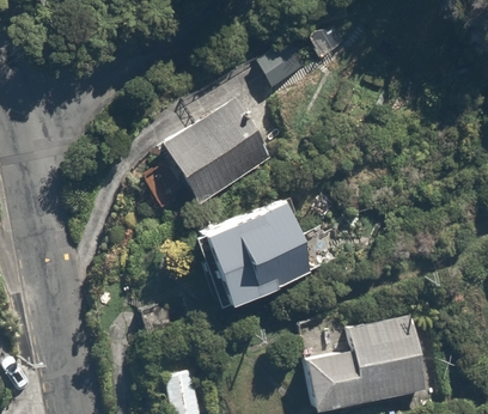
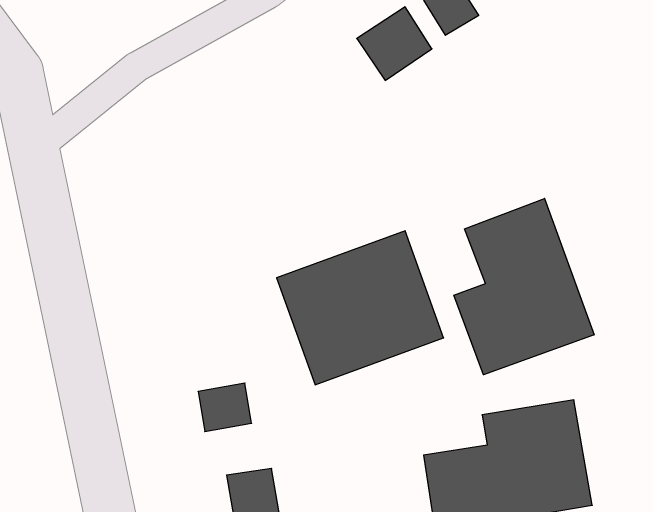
building: [161,99,272,205] -> none
building: none -> [454,198,594,375]

